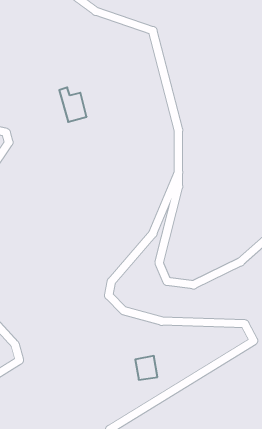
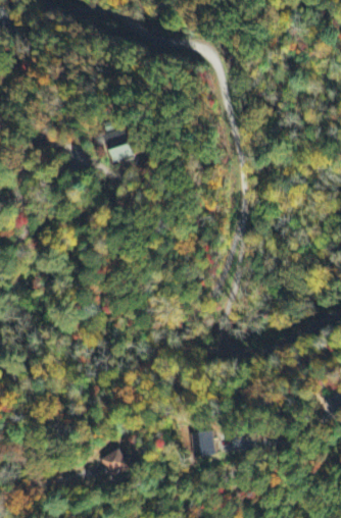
building: none -> [100,448,133,479]

